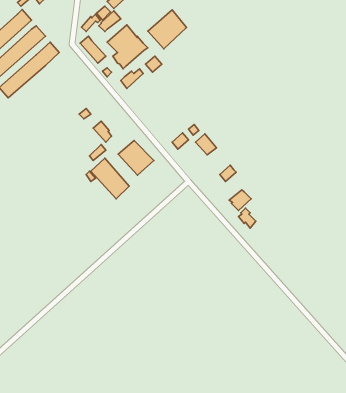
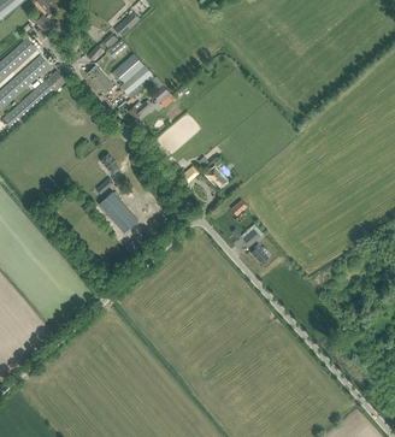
building: [148,10,187,49] -> none
building: [118,140,154,175] -> none

